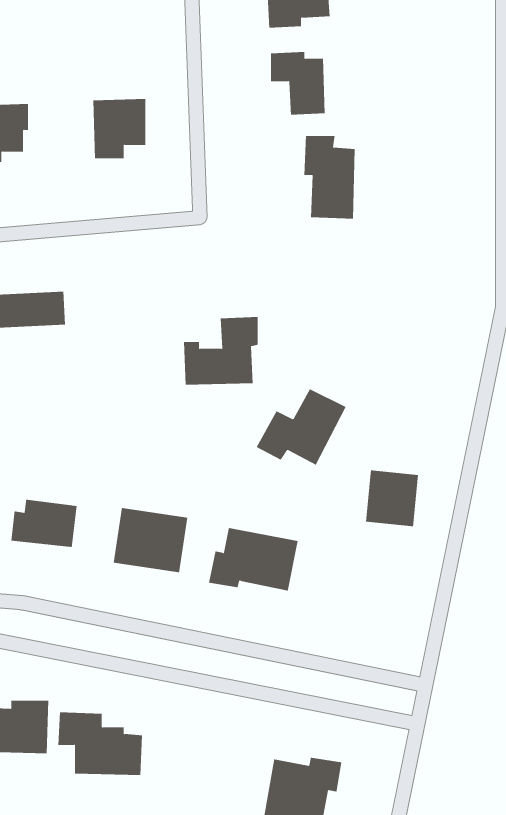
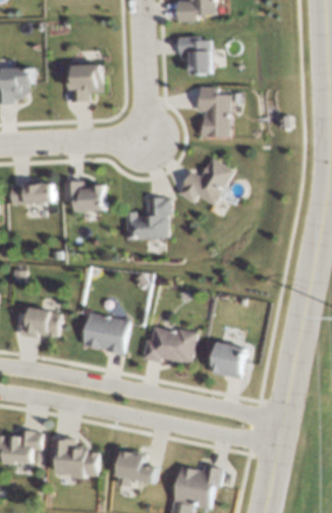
building: none -> [74,183,105,211]
building: [256,389,346,466] -> [178,158,233,205]
building: [365,470,419,527] -> [212,343,244,377]
building: none -> [117,450,158,485]

